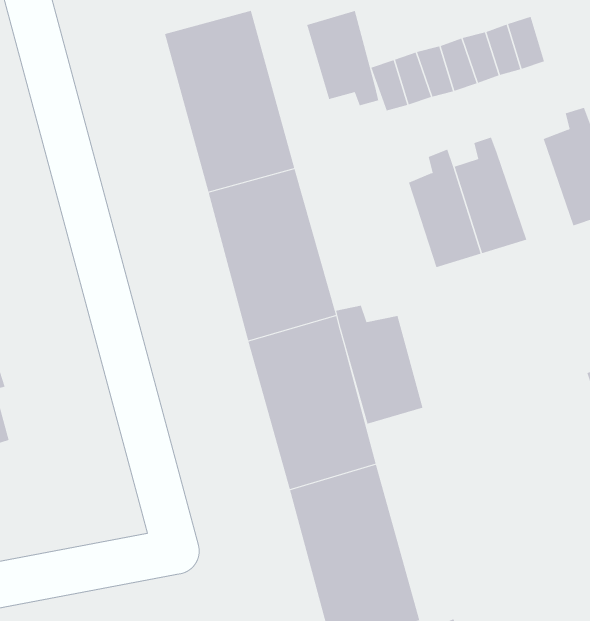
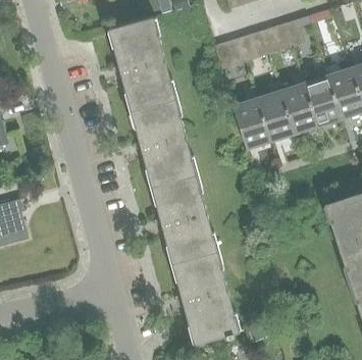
building: [307,10,379,106] -> none
building: none -> [278,74,317,135]
building: [335,305,423,424] -> none

